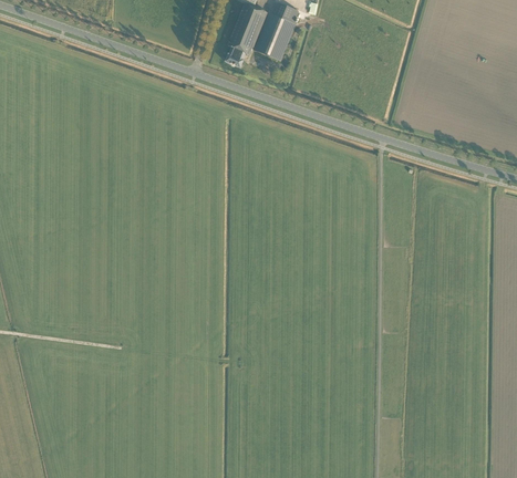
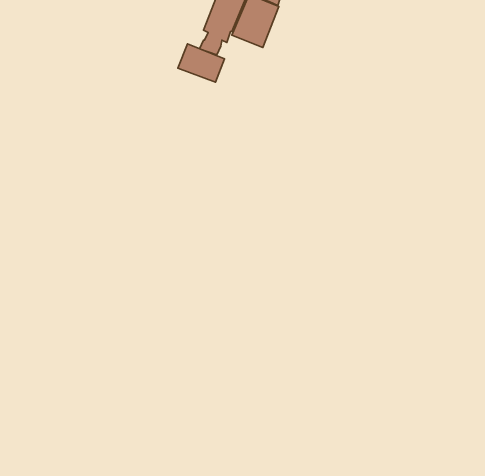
building: none -> [178,44,224,82]

